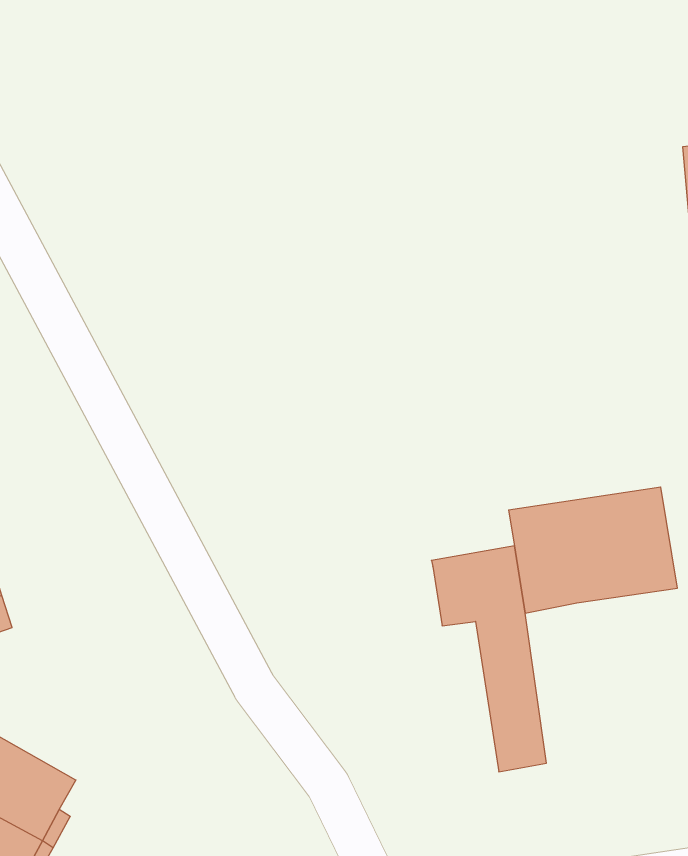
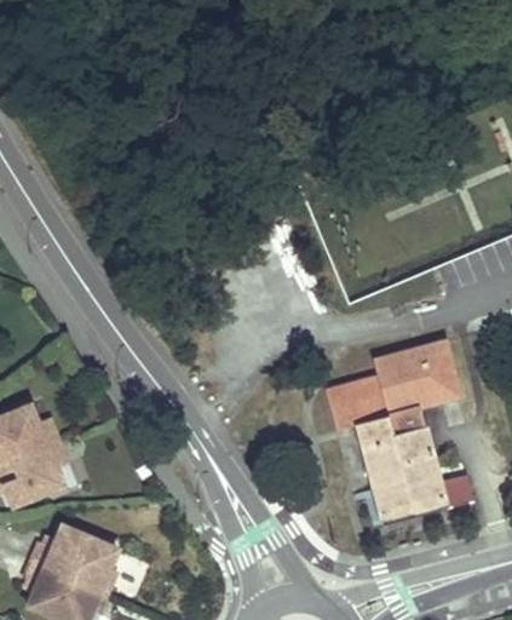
building: none -> [386,408,472,510]

